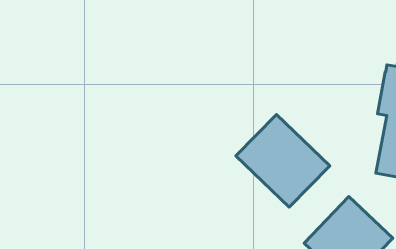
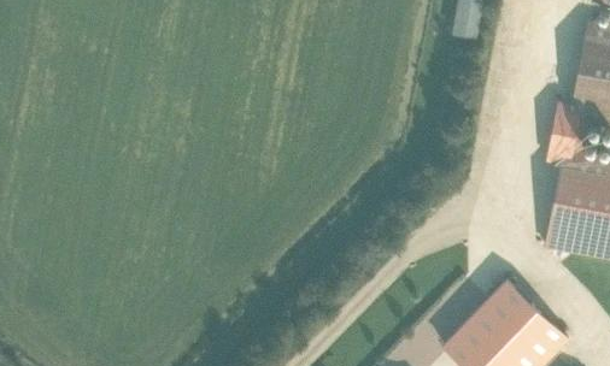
building: [236,114,330,207] -> none

